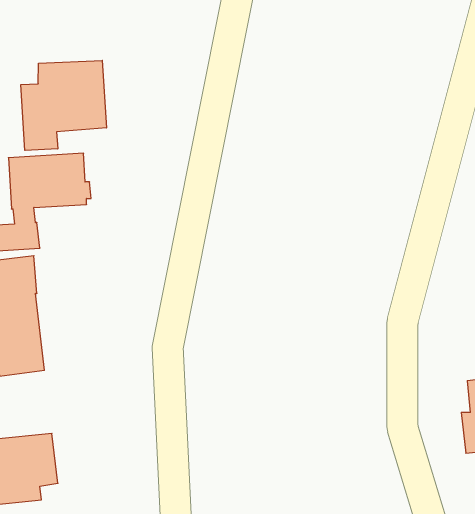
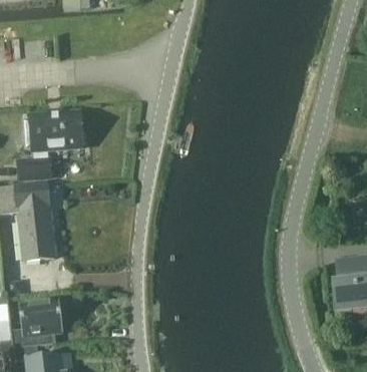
building: [21,60,106,150] -> none

